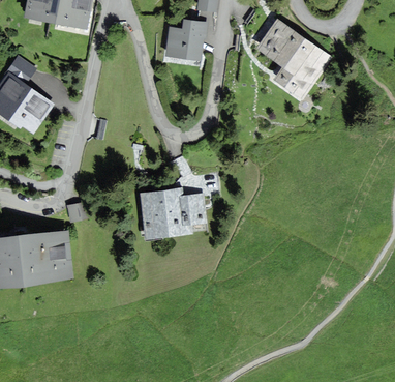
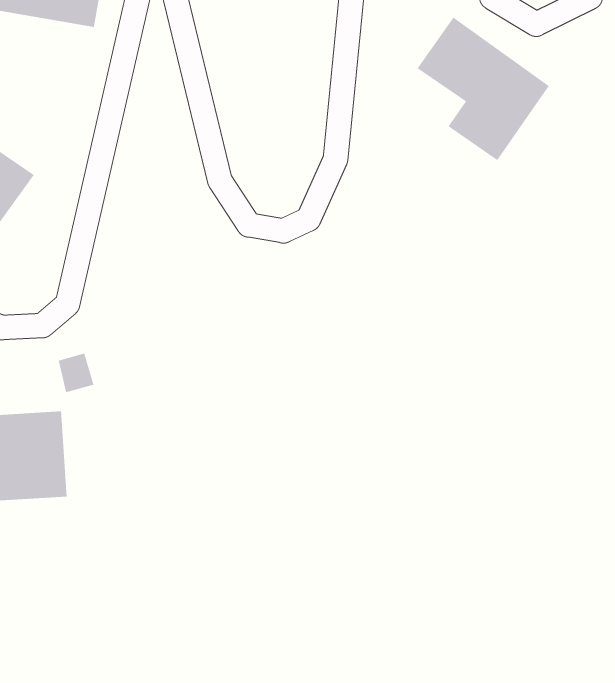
building: [166,20,204,59] -> none
building: [141,193,208,235] -> none

